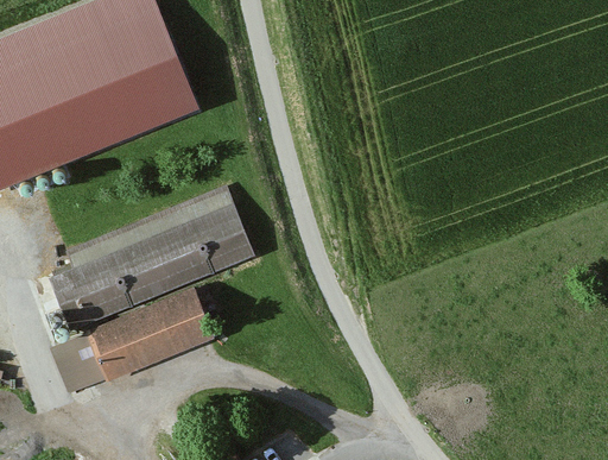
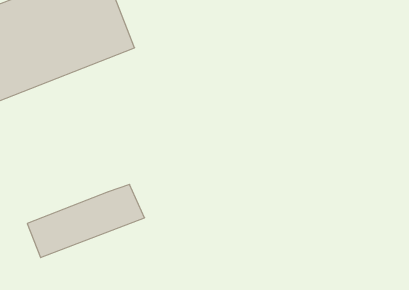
building: [49,199,249,324] -> none

